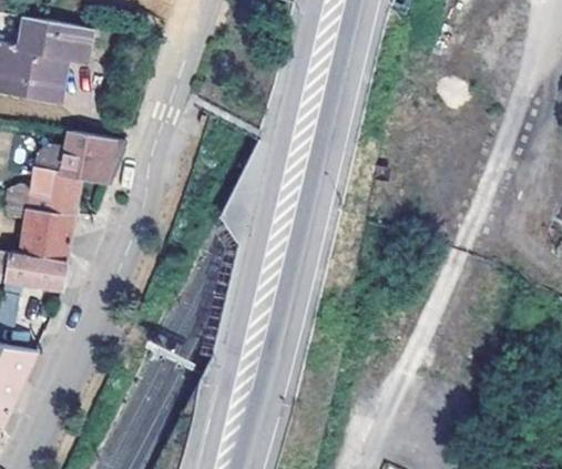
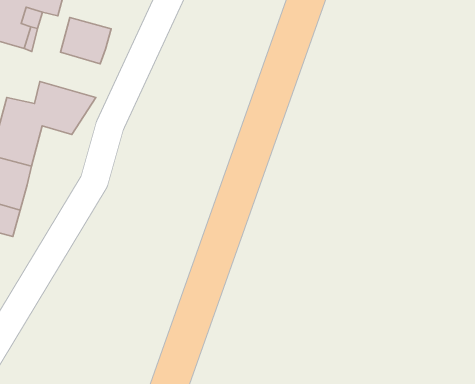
building: none -> [60,18,111,64]

